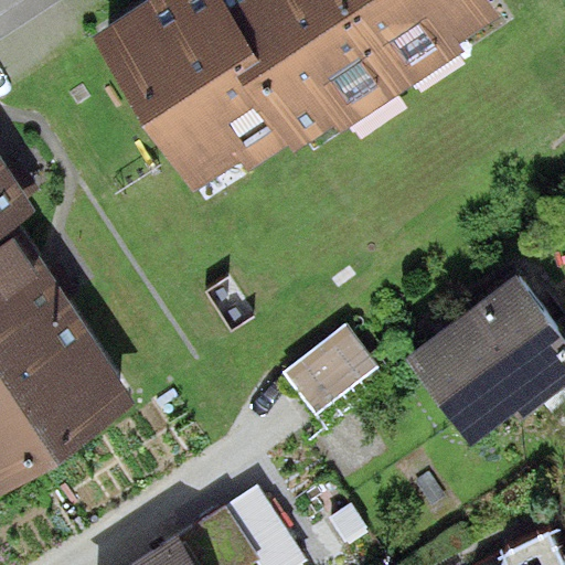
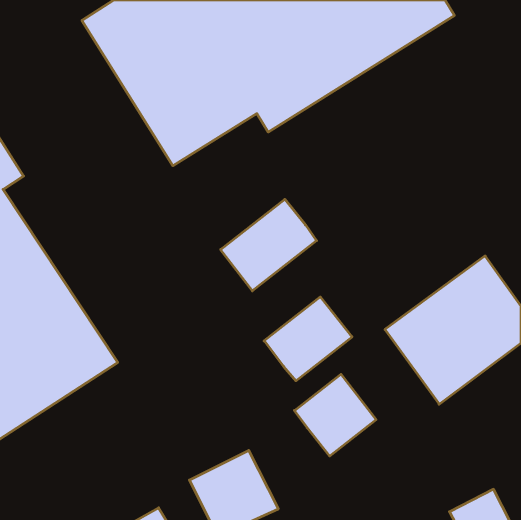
building: none -> [221,199,317,291]
building: none -> [294,374,376,456]

